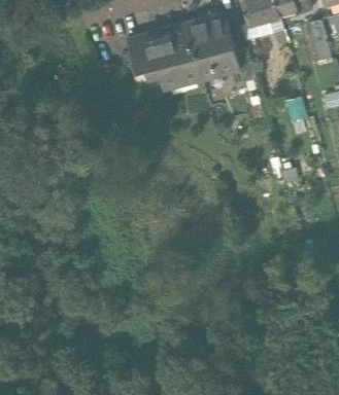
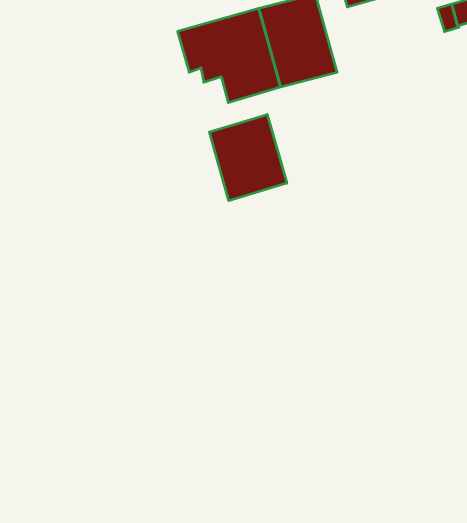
building: none -> [209,114,287,201]

